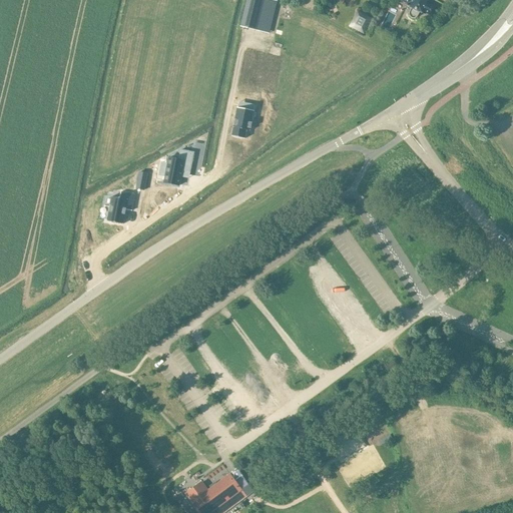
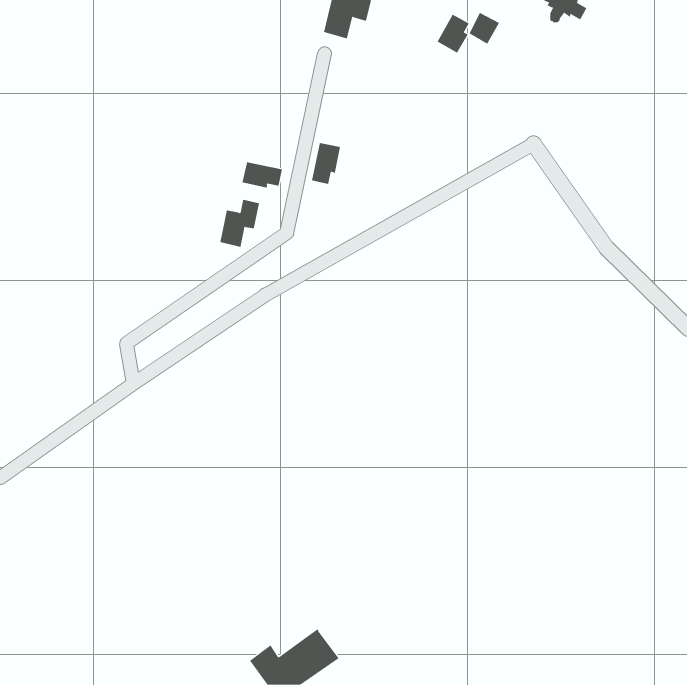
building: none -> [437,14,469,54]
building: none -> [242,161,282,188]
building: [108,190,135,222] -> none

